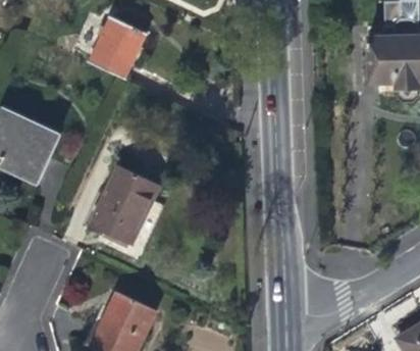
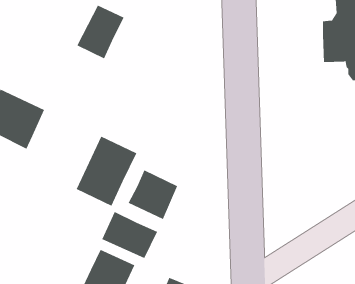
building: none -> [128,170,178,220]
building: none -> [101,211,158,259]

